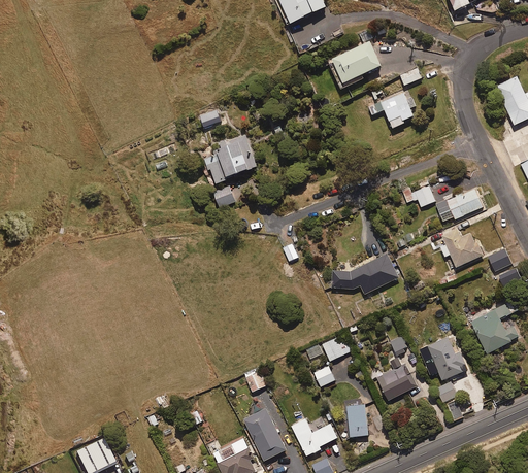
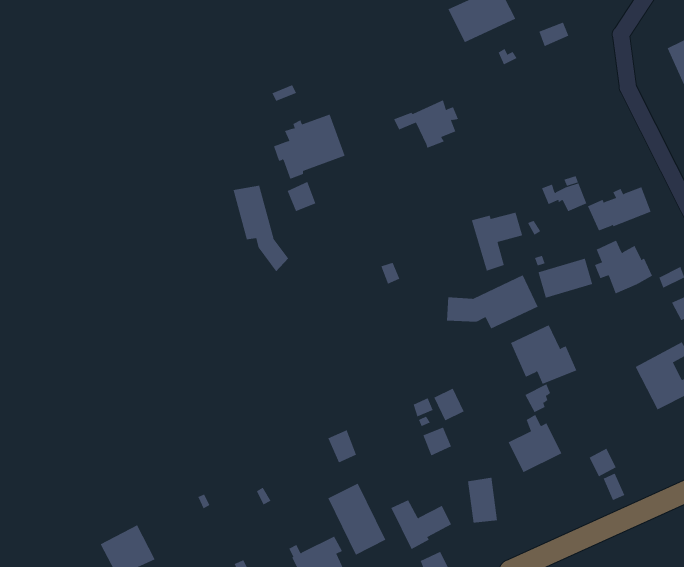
building: [367,92,416,128] -> [393,99,459,148]
building: none -> [233,185,289,272]
building: none -> [471,212,523,272]
building: none -> [538,258,593,298]
building: [419,336,468,380] -> [510,325,577,385]

